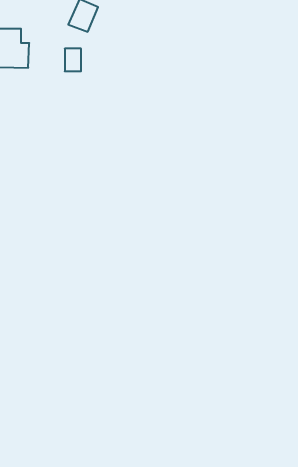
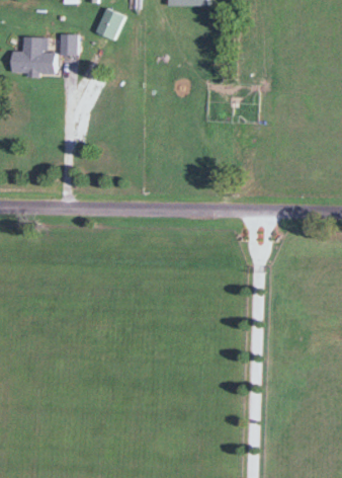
building: [65,49,81,71] -> [59,34,75,57]

